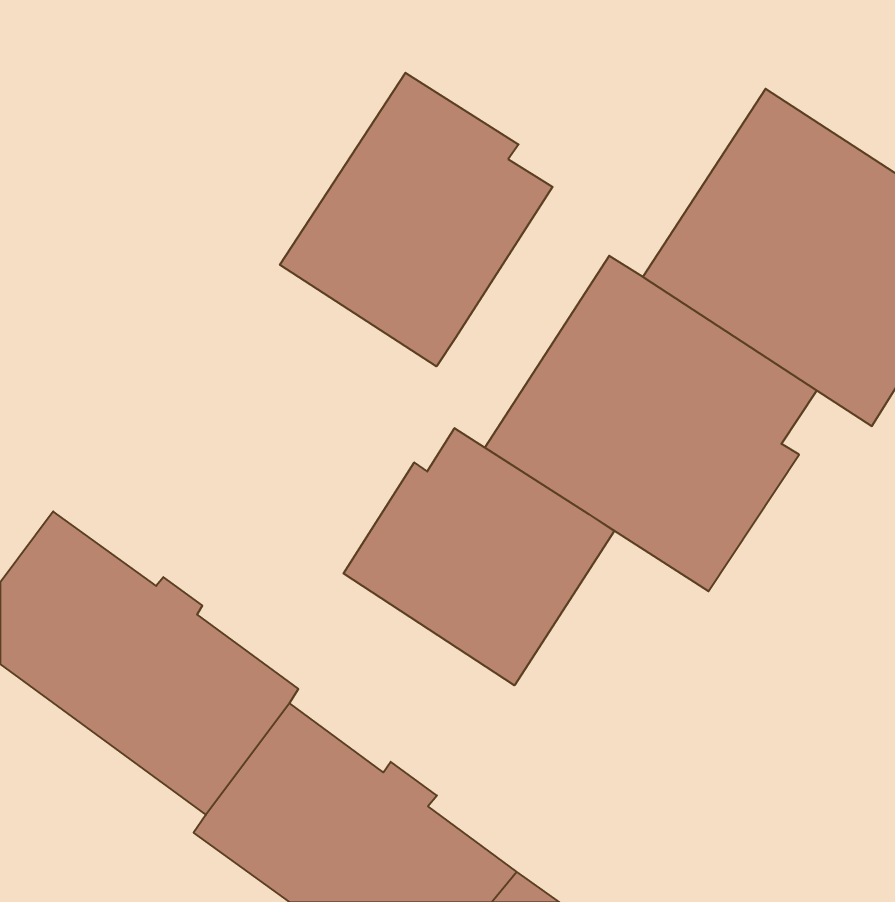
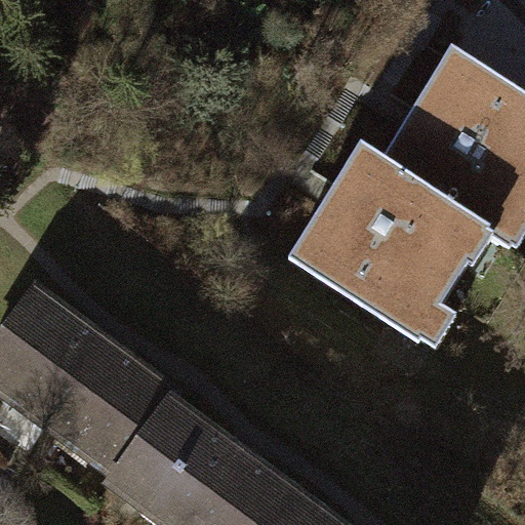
building: [280,73,553,366] -> none
building: [344,428,614,685] -> none

